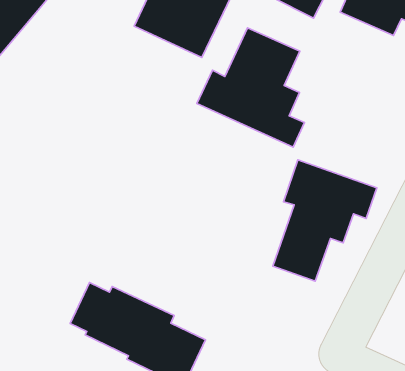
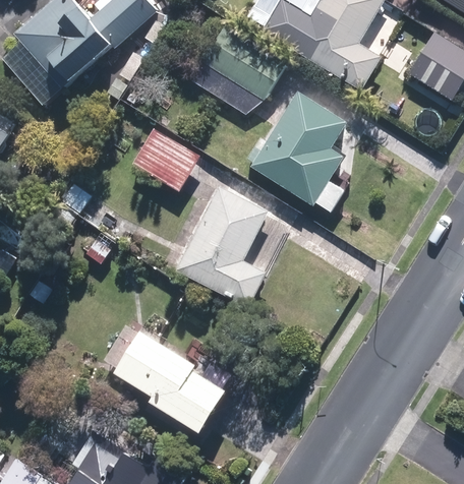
building: none -> [129,127,202,193]
building: none -> [173,181,284,307]
building: [273,160,377,281] -> none

